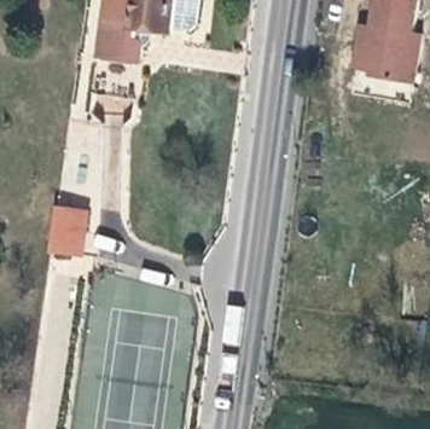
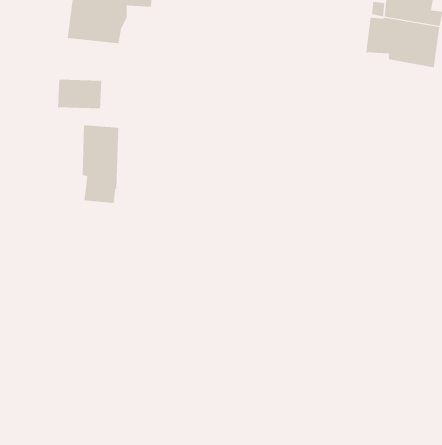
building: none -> [82,125,119,204]
building: [47,208,85,256] -> none

